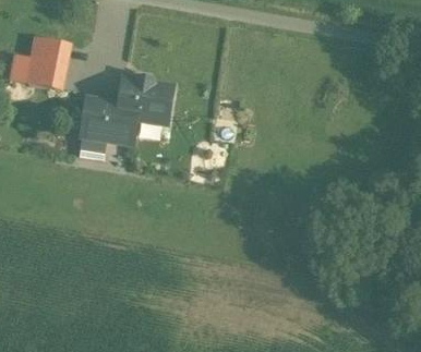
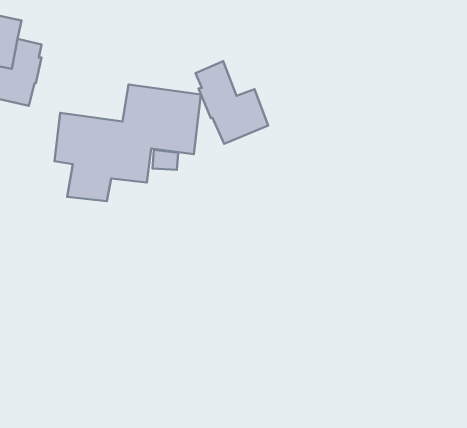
building: none -> [196,61,268,144]

